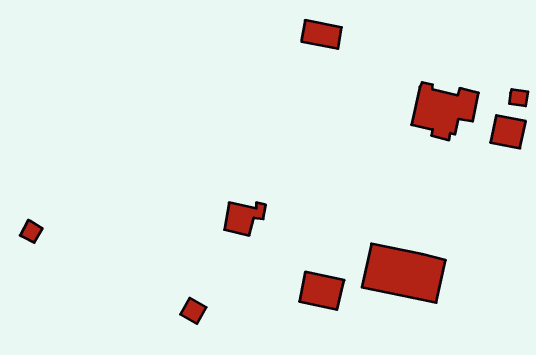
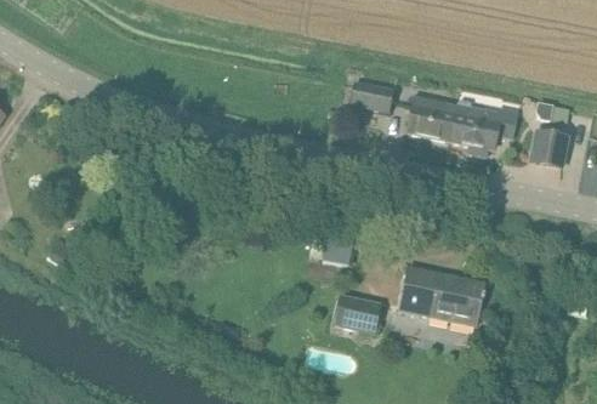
building: [302,20,342,49] -> [351,81,392,110]
building: none -> [406,93,457,142]
building: [224,203,266,235] -> [322,229,364,263]

